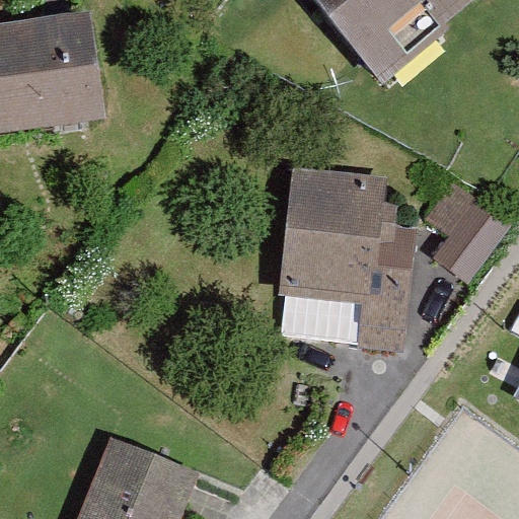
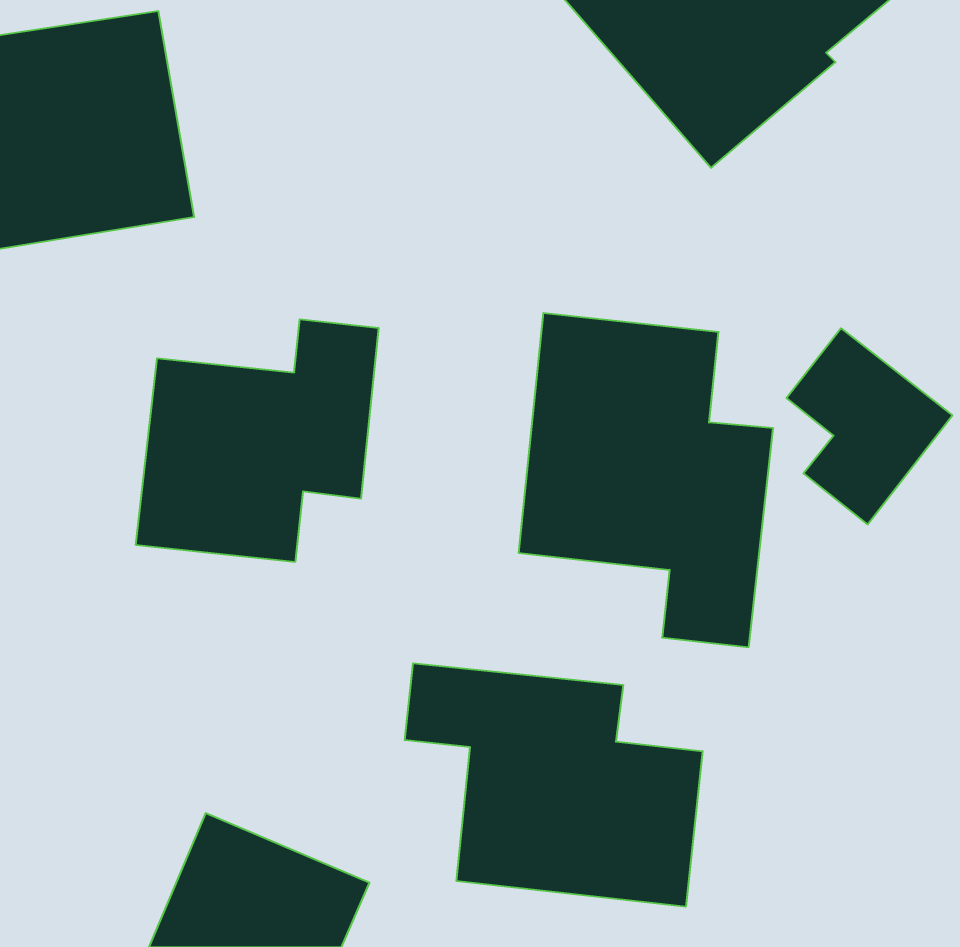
building: none -> [136,319,378,562]
building: none -> [405,663,702,907]

